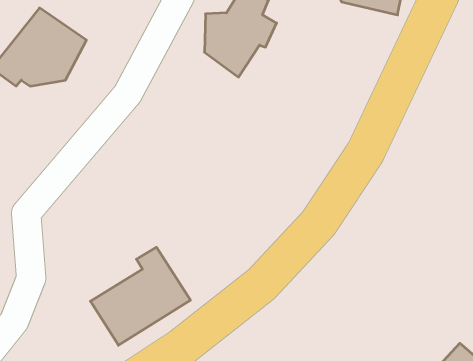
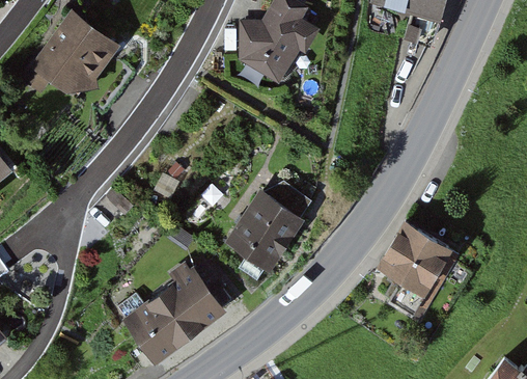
building: none -> [226,188,304,271]
building: none -> [371,225,452,315]

